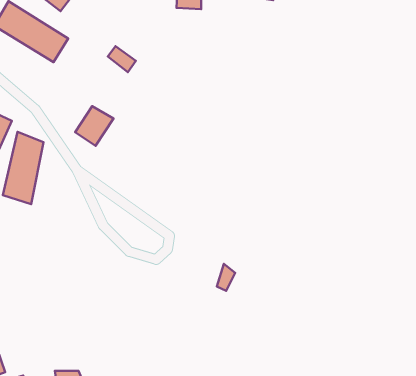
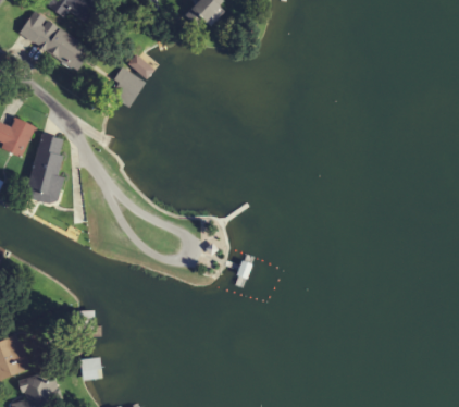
building: [75,106,114,146] -> [109,69,146,107]

